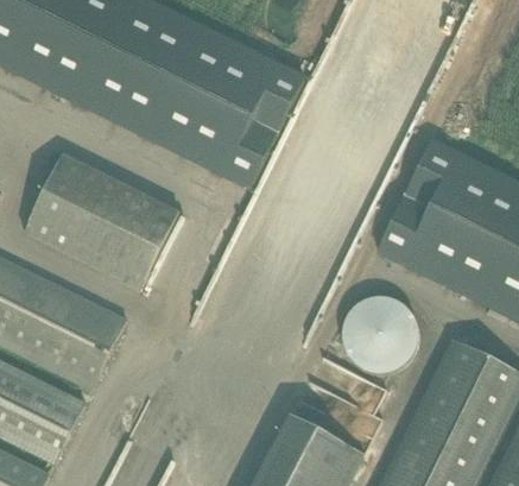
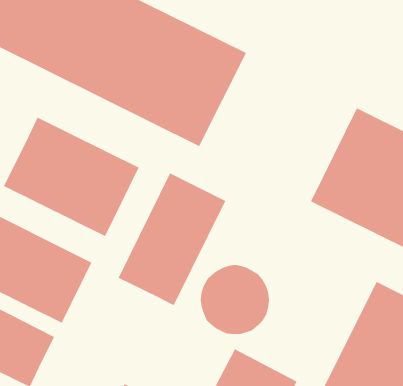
building: none -> [118,173,226,306]
building: [344,296,425,377] -> [200,264,270,335]

